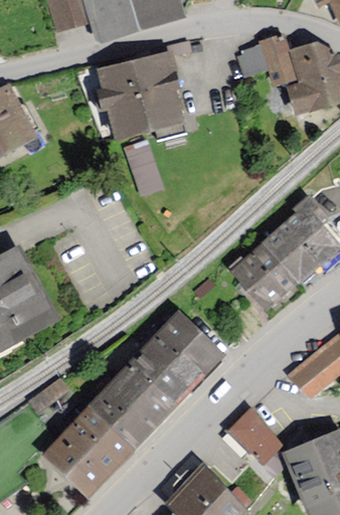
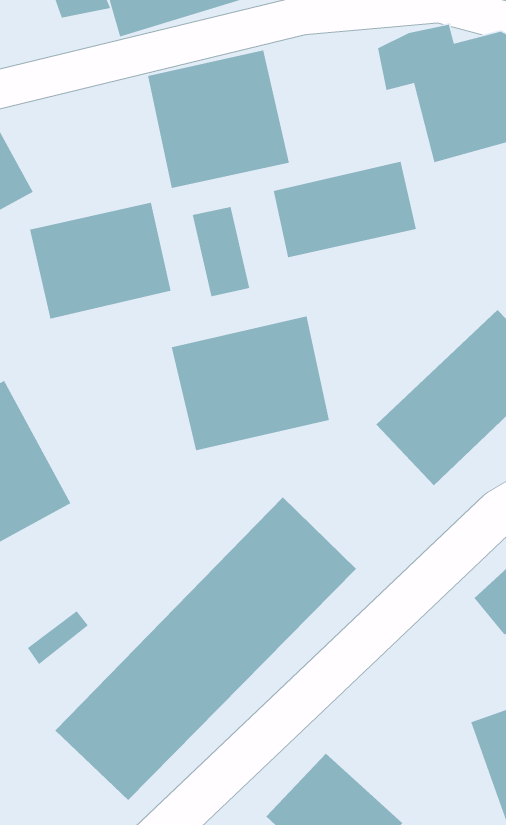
building: none -> [273,161,417,258]
building: none -> [29,202,172,319]
building: none -> [171,315,330,451]
building: [224,409,277,467] -> none

